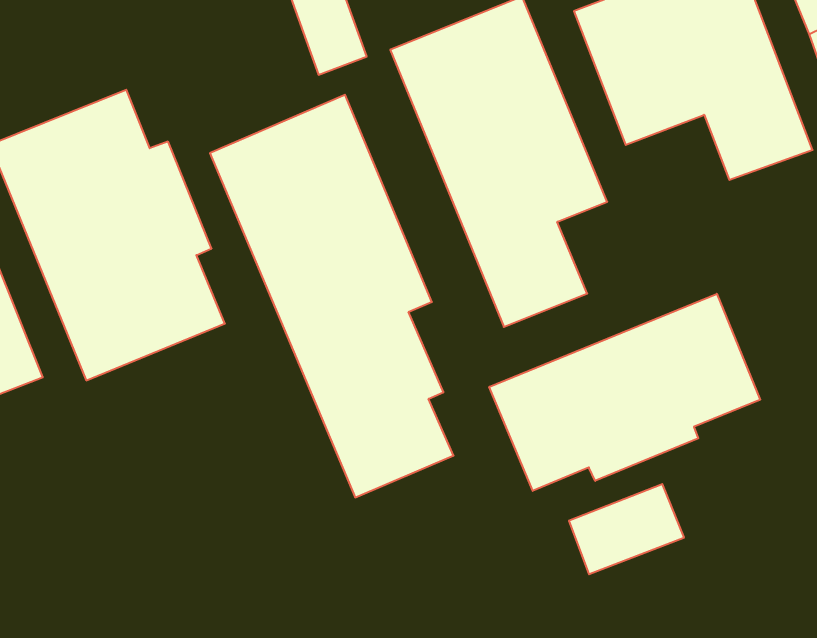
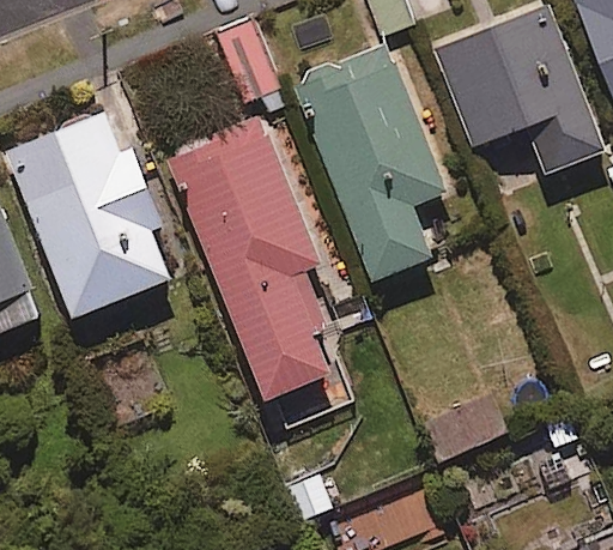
building: [489,294,760,491] -> none

